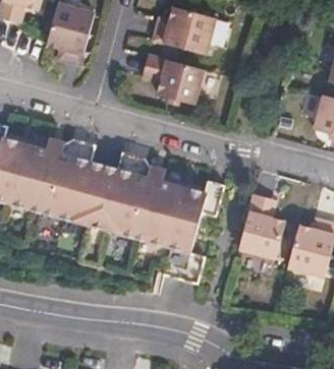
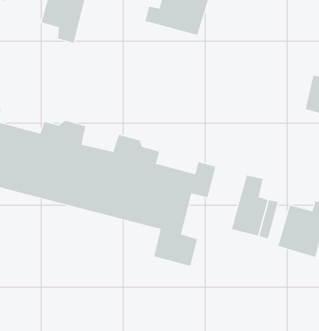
building: [144,52,207,104] -> none

